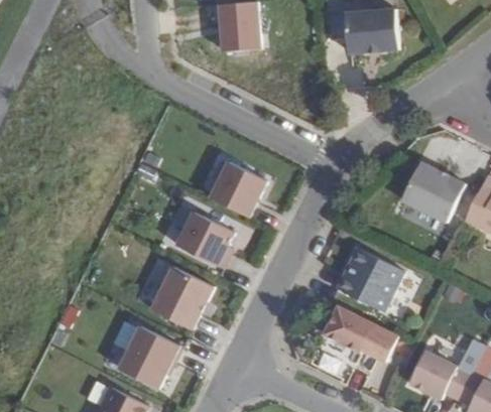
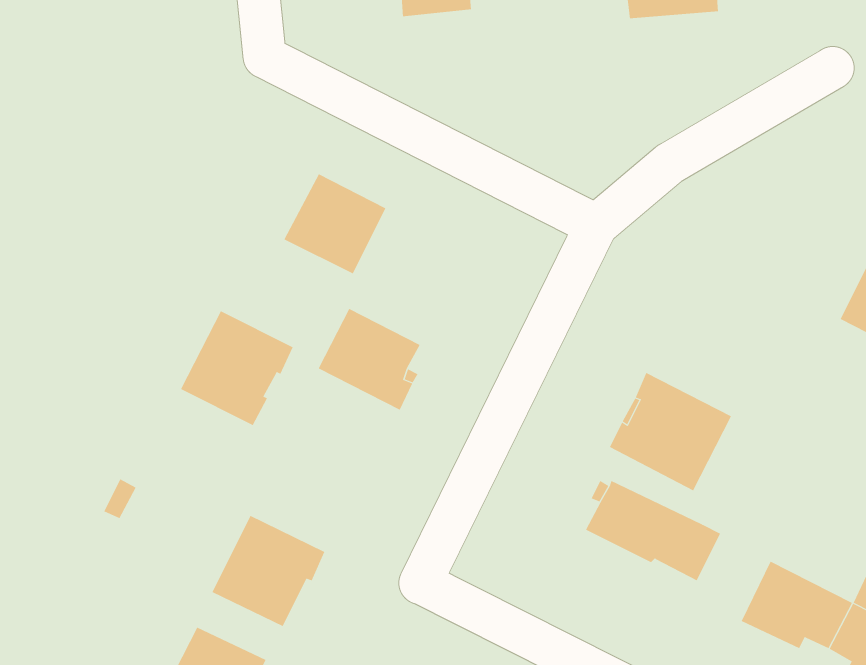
building: [401,160,465,222] -> none
building: [209,161,265,217] -> [284,173,386,274]
building: [150,266,213,329] -> [180,310,294,426]

